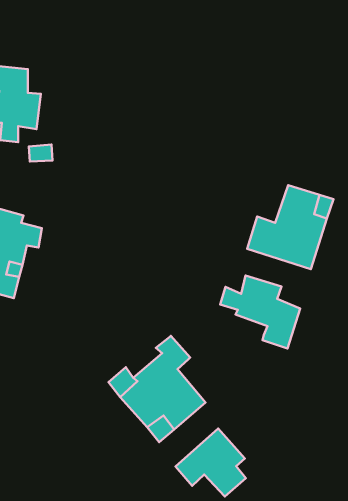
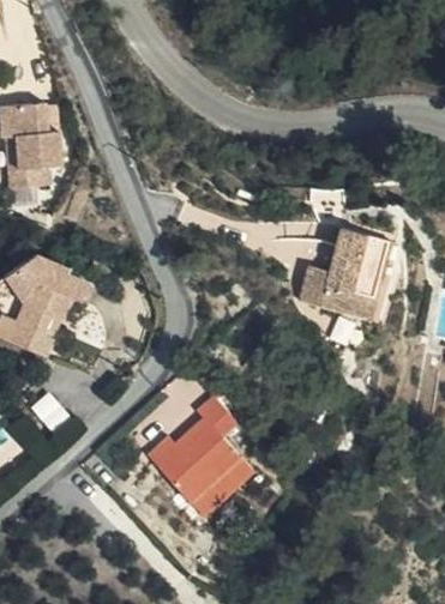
building: [220,276,300,349] -> none
building: [175,428,246,497] -> none

